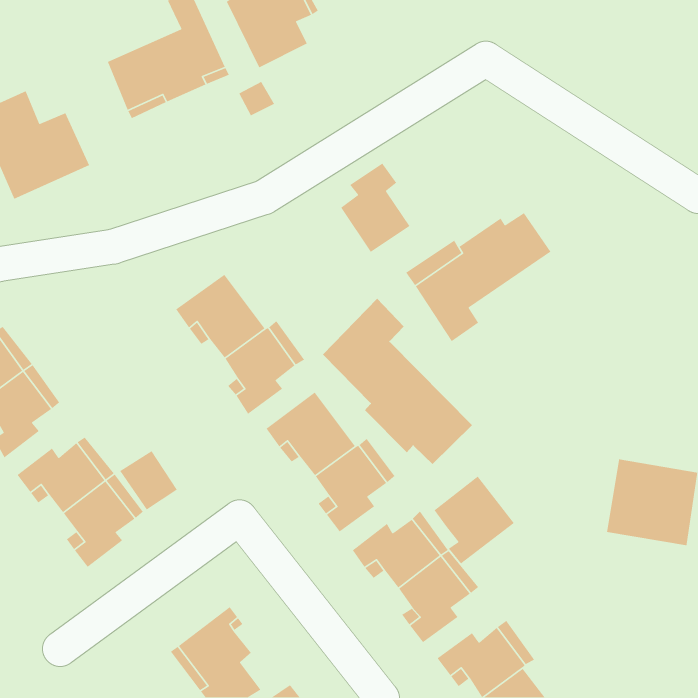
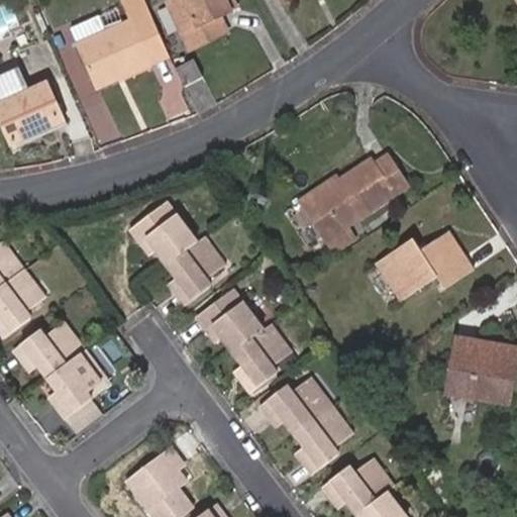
building: [340,162,411,253] -> none
building: [322,298,473,465] -> none
building: none -> [375,231,475,302]
building: [434,475,515,565] -> none

